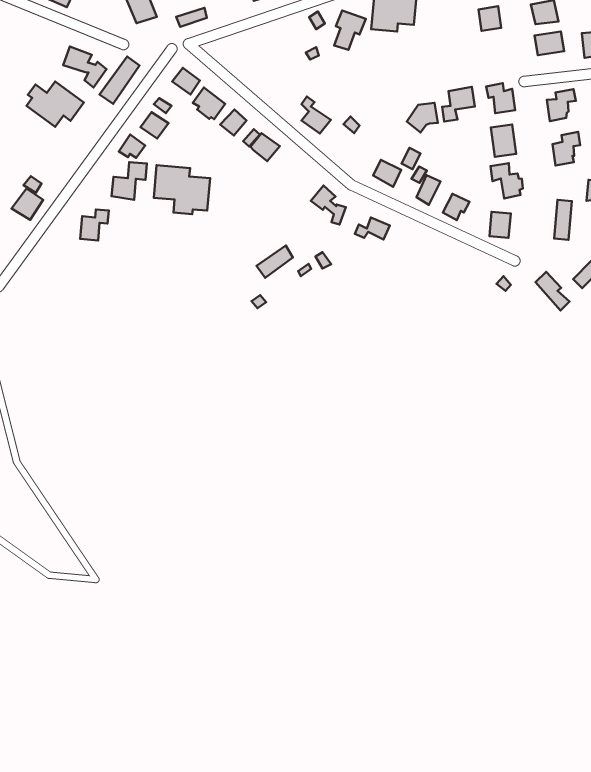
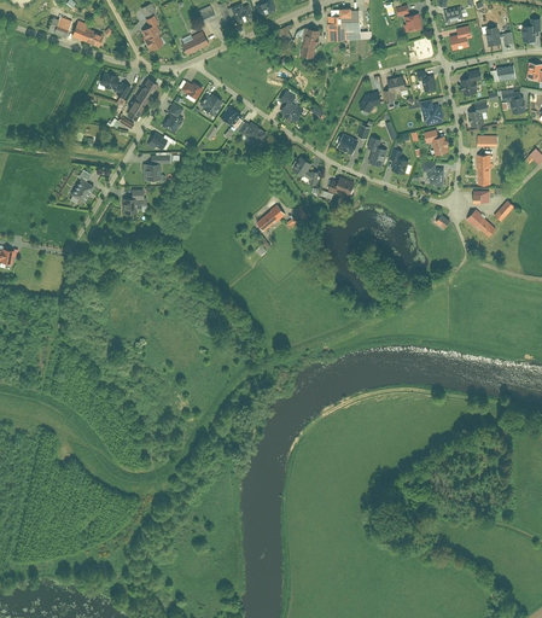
building: [26,82,84,127] -> none
building: [154,165,210,214] -> none

